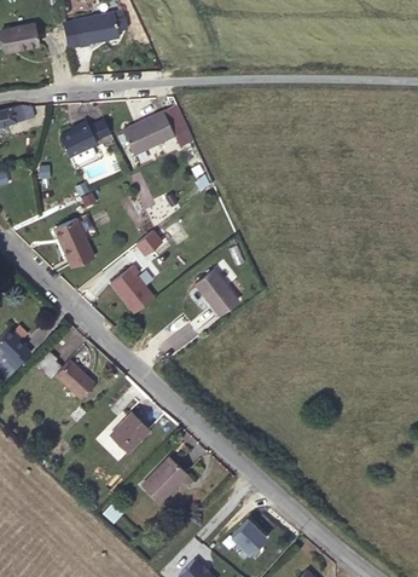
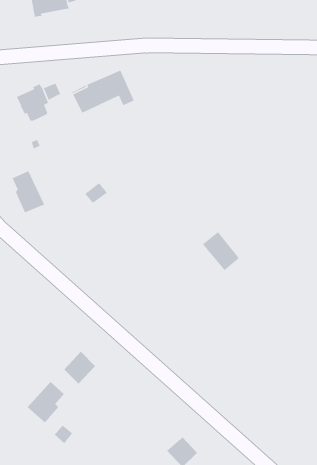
building: [111,265,155,313] -> none
building: [196,270,238,315] -> [202,231,240,271]
building: [58,365,93,400] -> none
building: [145,460,187,507] -> [27,381,65,424]

